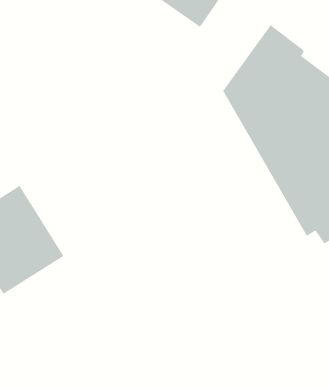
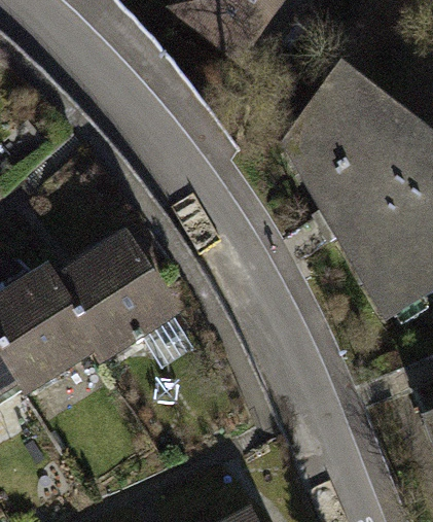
building: none -> [59,221,203,362]

